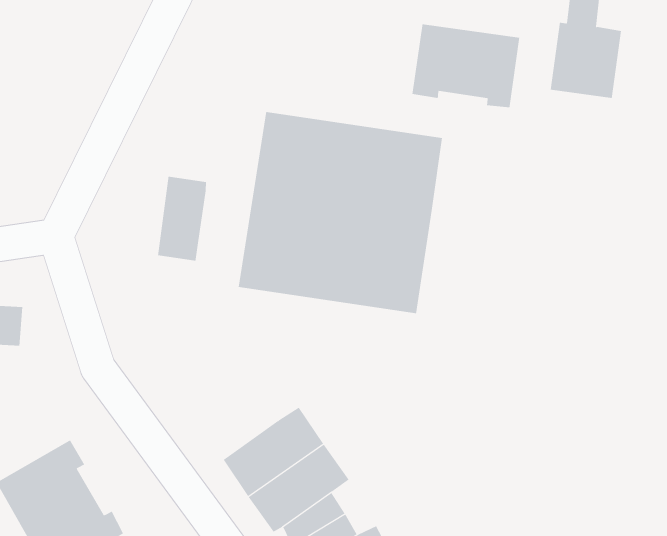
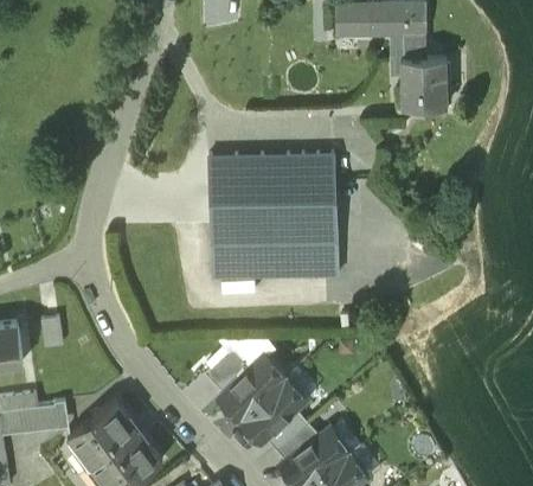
building: [412,23,520,108] -> none
building: [157,176,207,262] -> none
building: none -> [205,350,252,395]

